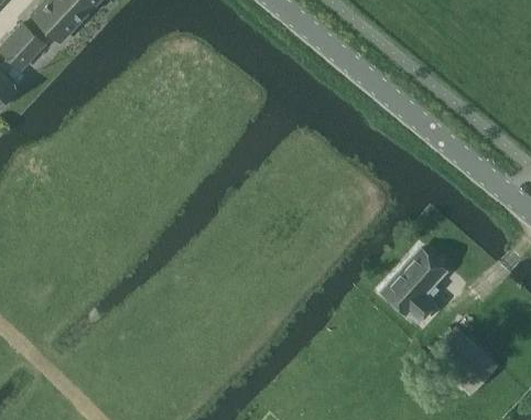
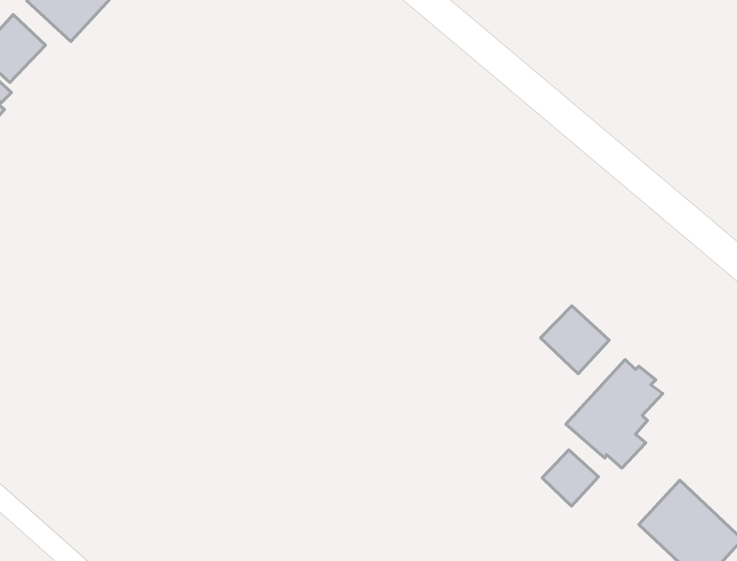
building: none -> [541,306,609,374]
building: none -> [542,450,598,506]

